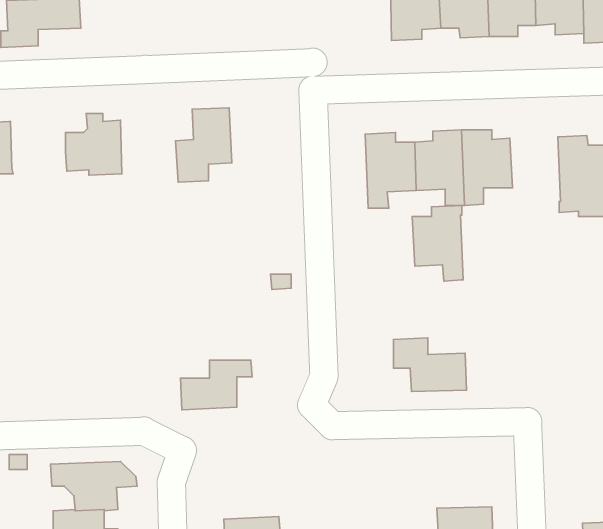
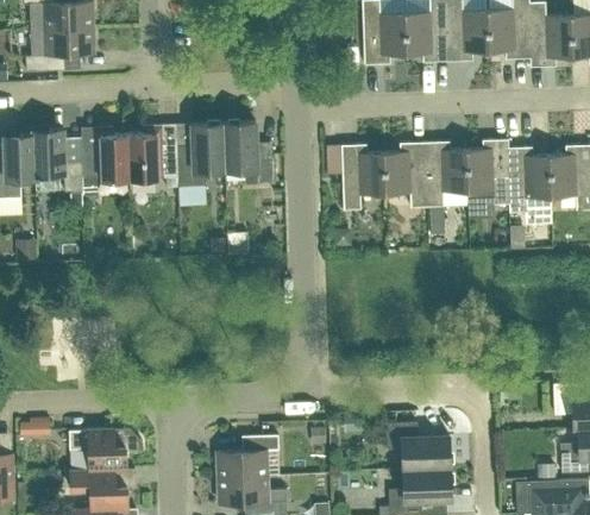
building: none -> [222,121,272,184]
building: none -> [128,125,177,180]
building: none -> [32,128,82,191]
building: [412,206,463,281] -> [465,139,509,205]
building: [394,338,466,392] -> [387,422,450,469]
building: [181,360,252,410] -> [216,435,278,478]

